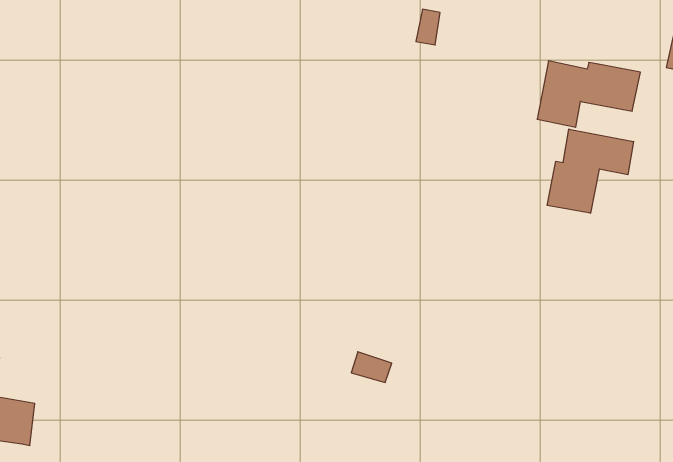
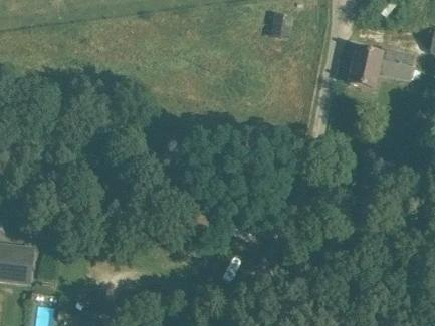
building: [547,129,634,213] -> none

